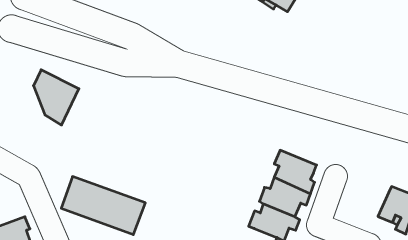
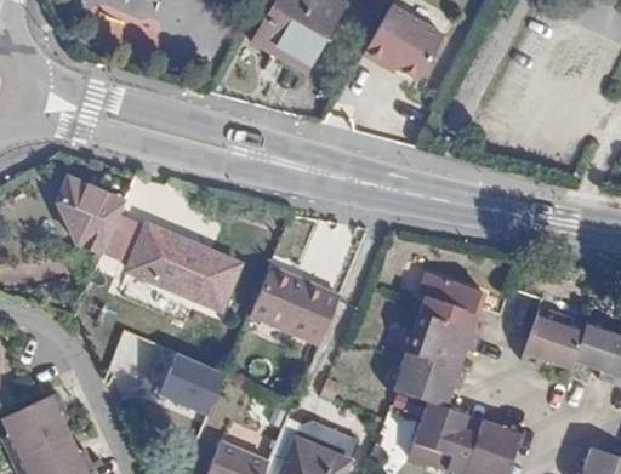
building: none -> [129,224,240,310]
building: none -> [251,269,341,345]
building: none -> [522,309,587,370]

